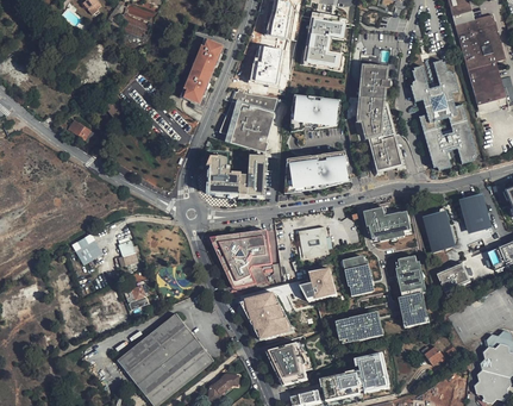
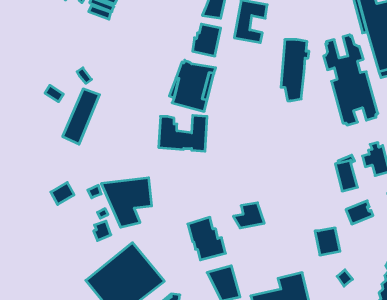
building: [180,38,225,106] -> [63,89,100,144]
building: [294,98,340,126] -> none
building: [369,101,405,175] -> none
building: [283,152,350,194] -> none
building: [365,208,412,243] -> none
building: [208,224,270,285] -> [101,178,152,227]
building: [301,225,330,256] -> none
building: [343,255,375,295] -> none
building: [396,256,427,298] -> none
building: [336,312,384,345] -> none

